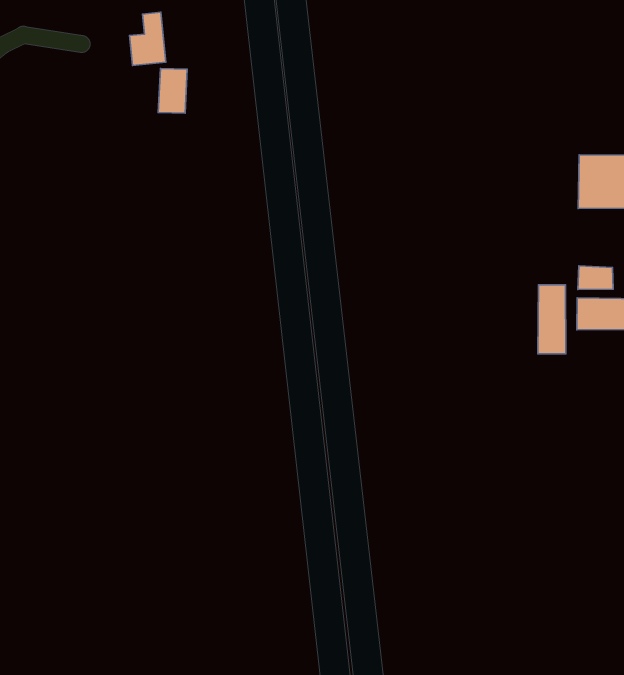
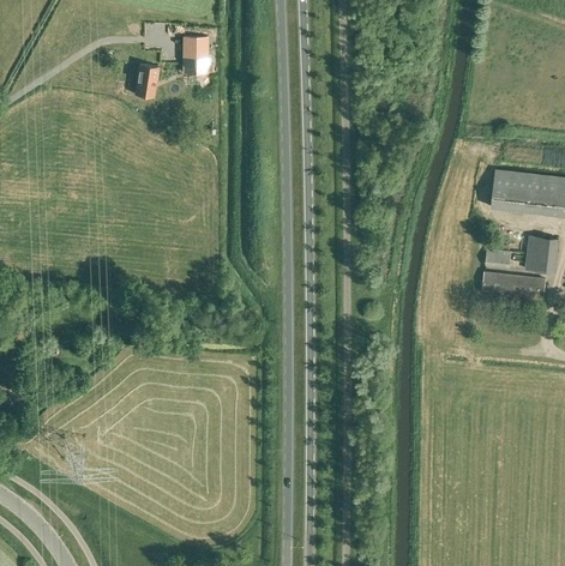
building: [158,69,187,113] -> [133,64,157,97]
building: [538,285,566,354] -> none

